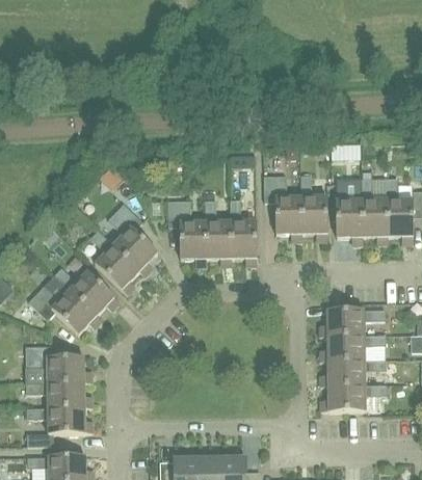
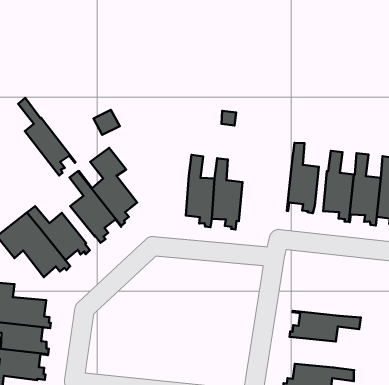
building: none -> [18,98,75,176]
building: [265,176,302,242] -> none
building: [167,199,207,267] -> none
building: [320,310,385,337] -> none
building: [320,361,386,386] -> none

